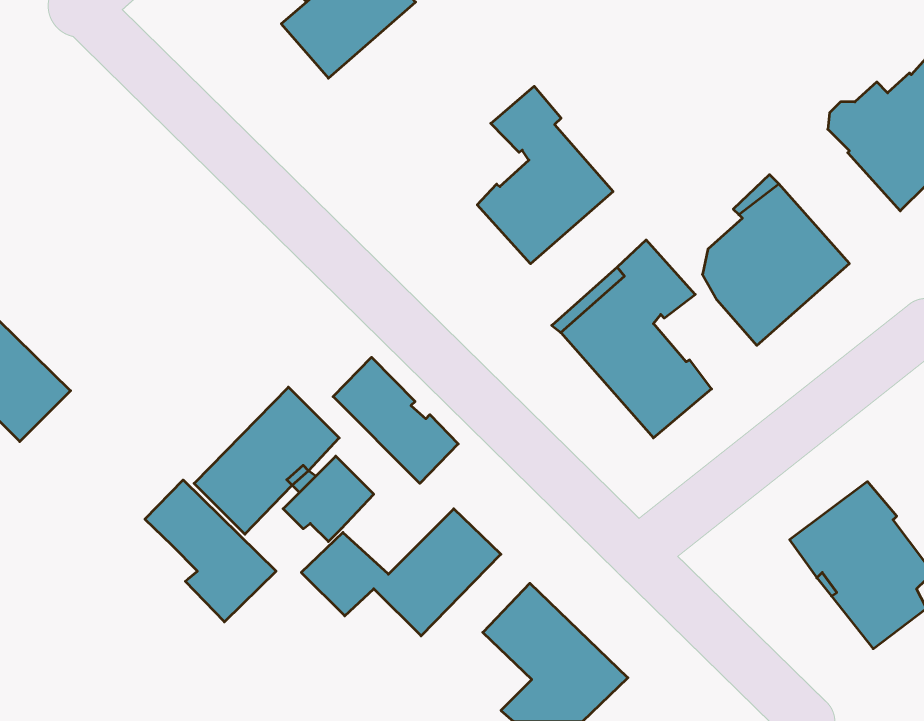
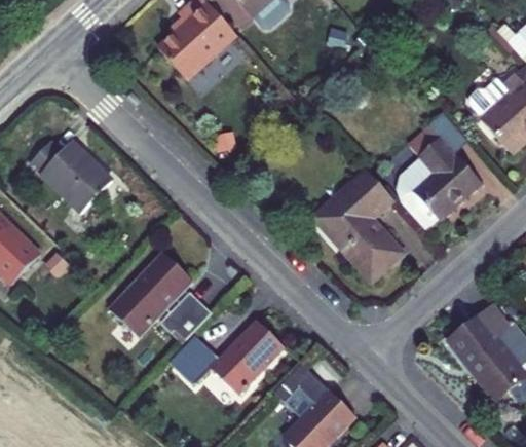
building: [477,86,613,264] -> none
building: none -> [31,141,112,212]
building: [333,357,458,483] -> none
building: [145,480,276,622] -> none

